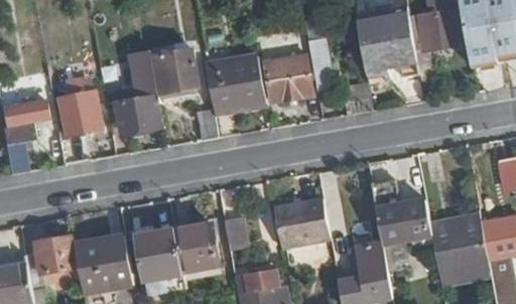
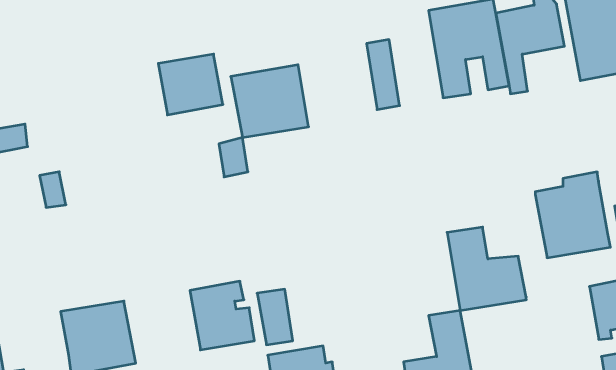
building: [114,51,162,134] -> none
building: [260,53,311,102] -> none
building: [57,78,100,136] -> none
building: [273,200,329,249] -> none
building: [430,218,488,284] -> [535,172,610,258]
building: [135,229,181,280] -> none
building: [36,235,81,280] -> none

